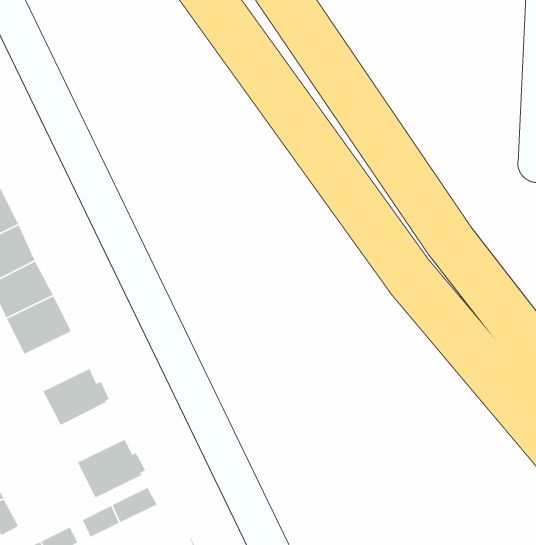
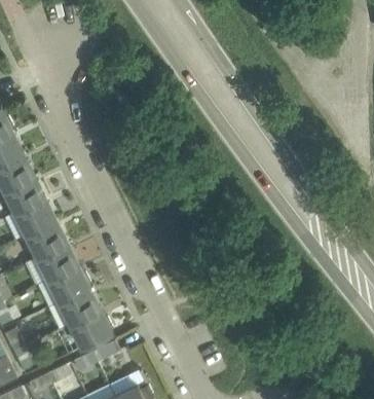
building: none -> [36,244,77,281]
building: none -> [59,288,99,325]

